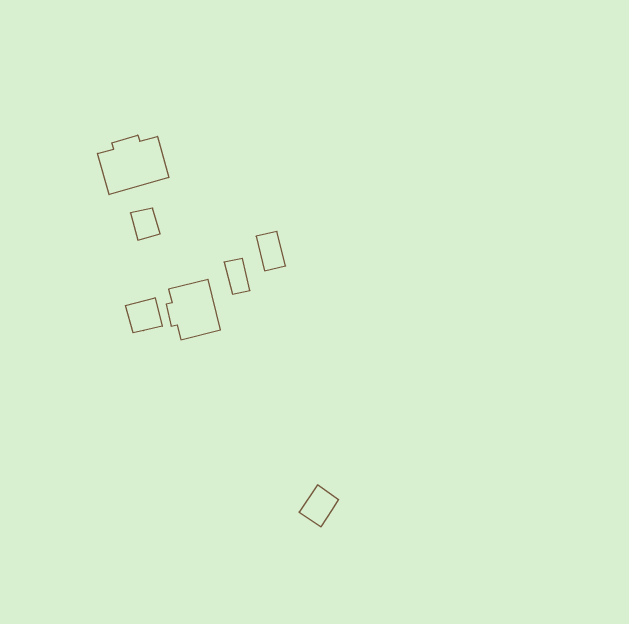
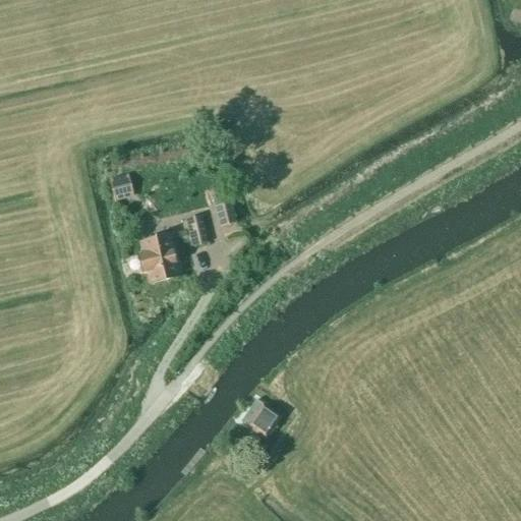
building: [98,135,169,195] -> none
building: [126,298,162,333] -> none

